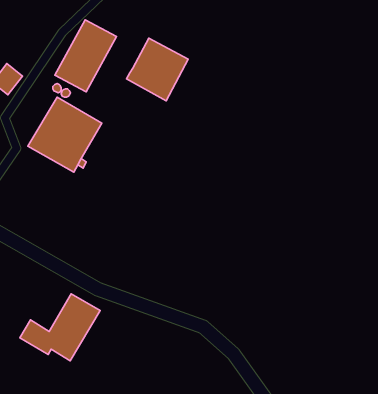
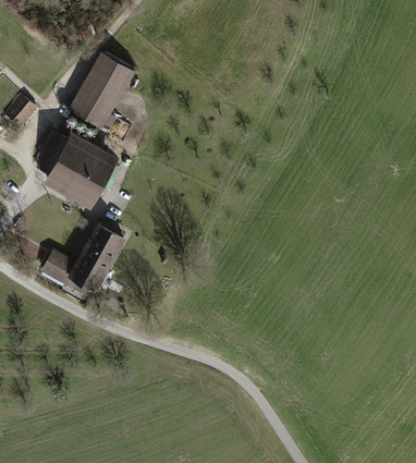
building: [126,38,188,101] -> none
building: [20,294,100,361] -> [40,226,124,295]

